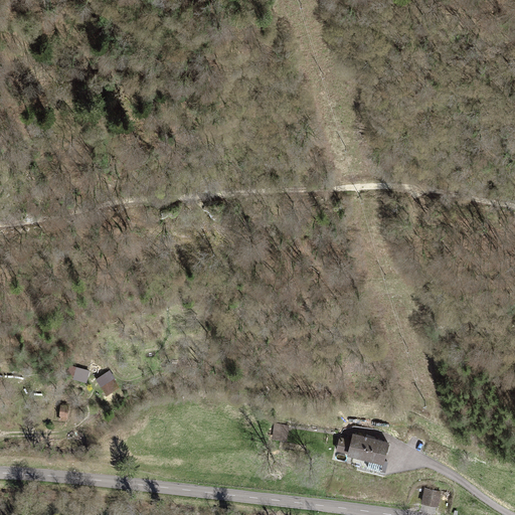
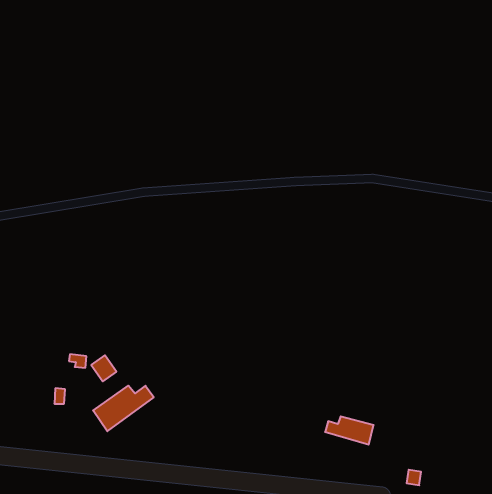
building: none -> [93,386,154,431]

